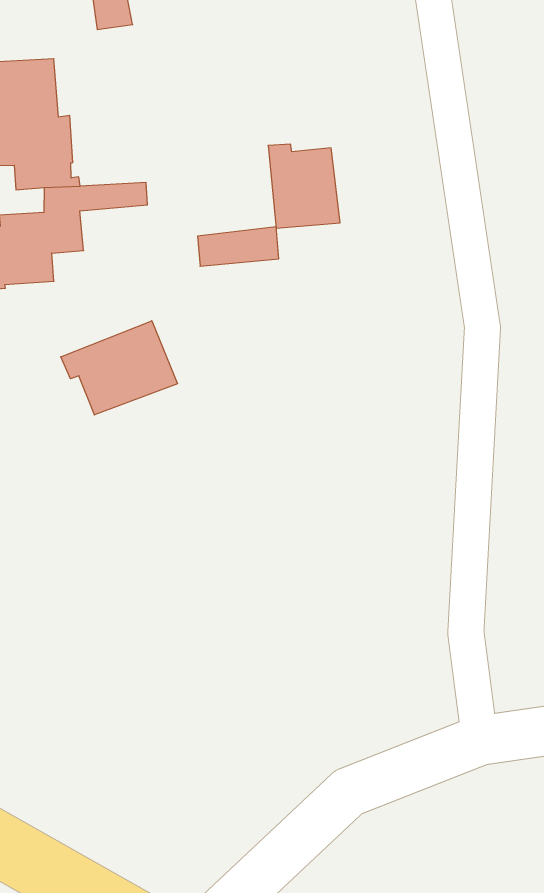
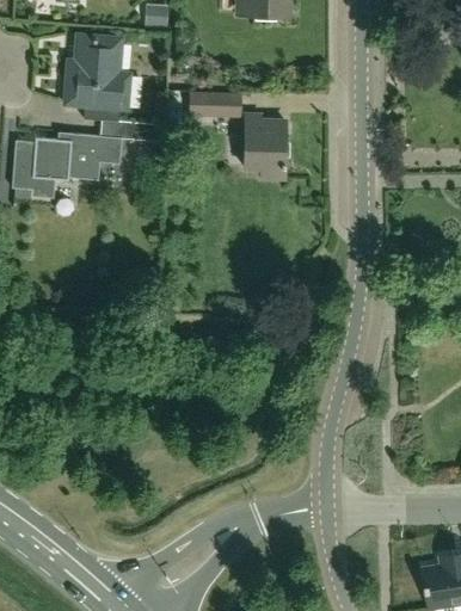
building: [198,227,279,266] -> [190,95,241,117]
building: [61,321,178,415] -> none

